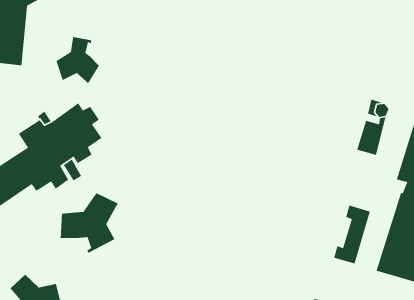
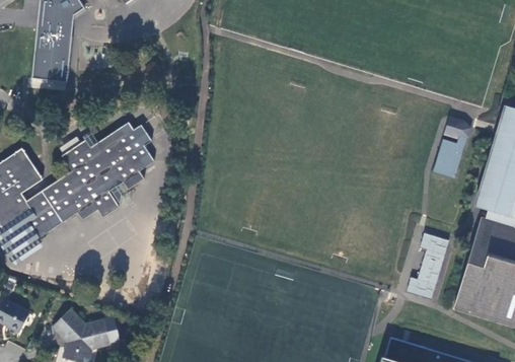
building: [56,36,100,84] -> none
building: [60,192,119,254] -> none

